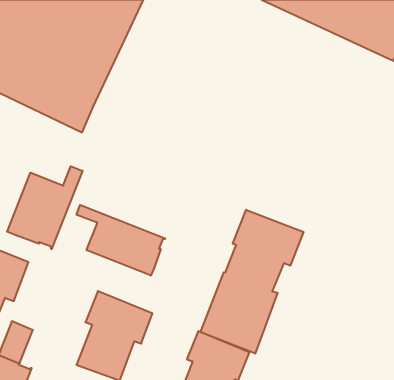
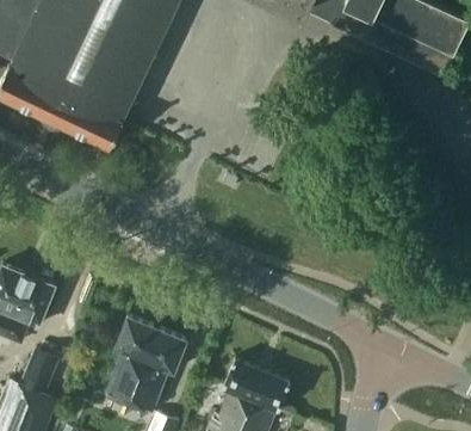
building: [7,166,83,249] -> none
building: [76,205,165,276] -> none
building: [200,210,304,354] -> none

